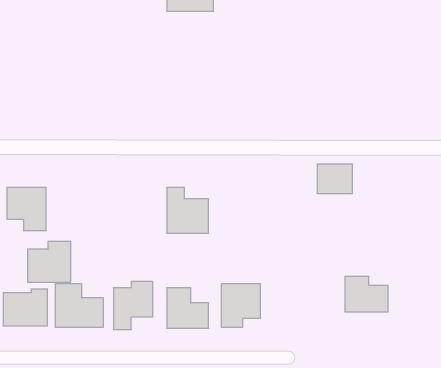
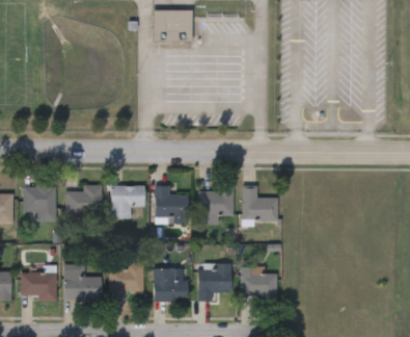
building: [317,164,353,193] -> [247,197,276,221]
building: none -> [110,185,144,217]
building: none -> [199,190,233,215]
building: [28,242,71,282] -> [65,184,101,217]
building: [345,276,388,312] -> [241,265,276,294]

